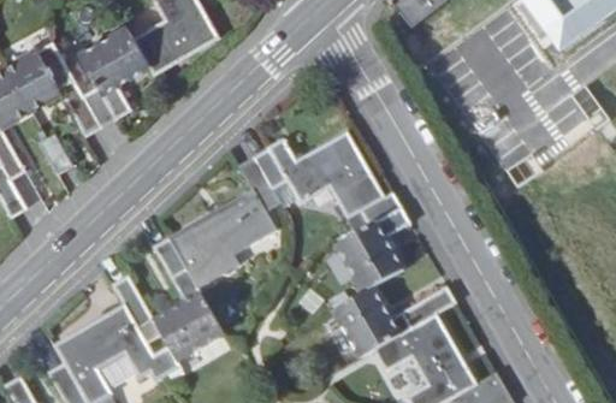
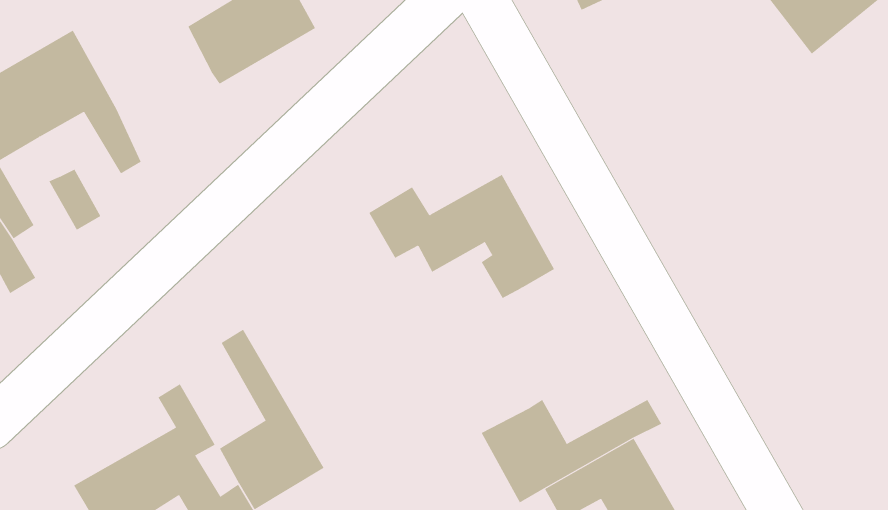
building: [77,23,147,126] -> none
building: [168,161,279,290] -> none
building: [337,195,409,295] -> none

